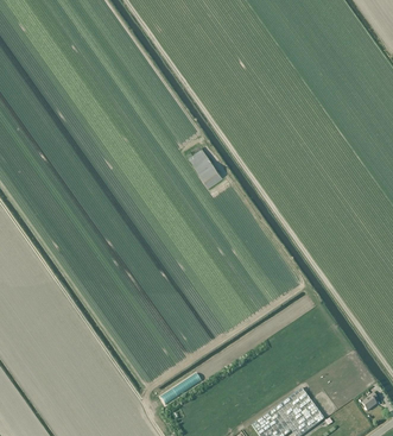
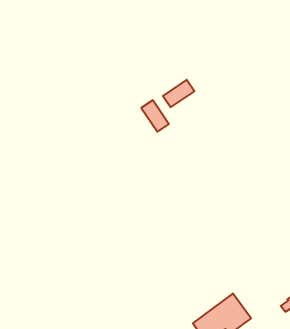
building: none -> [163,80,194,107]

